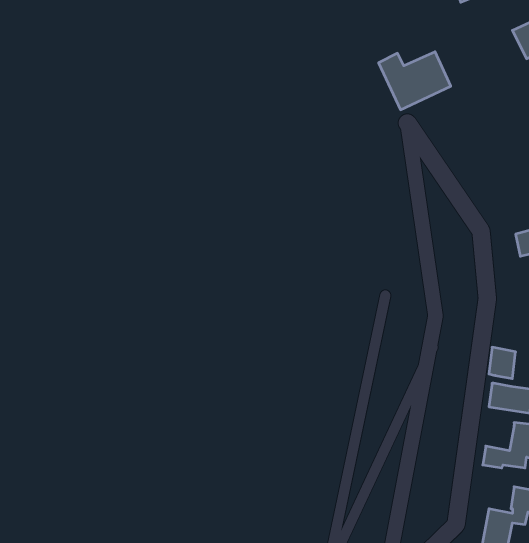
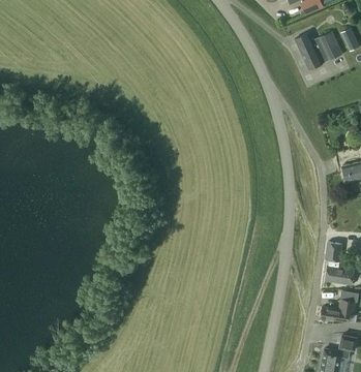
building: [379,52,451,110] -> [295,31,342,69]

